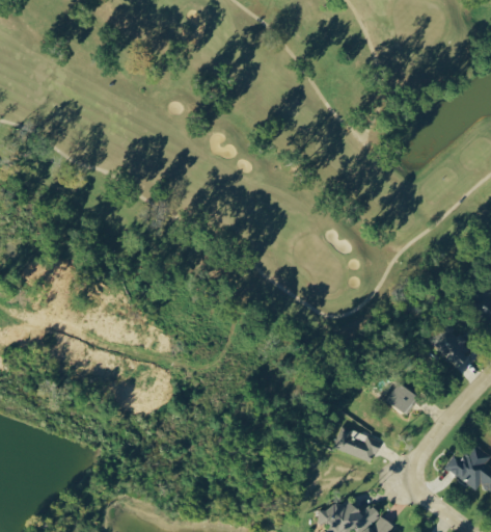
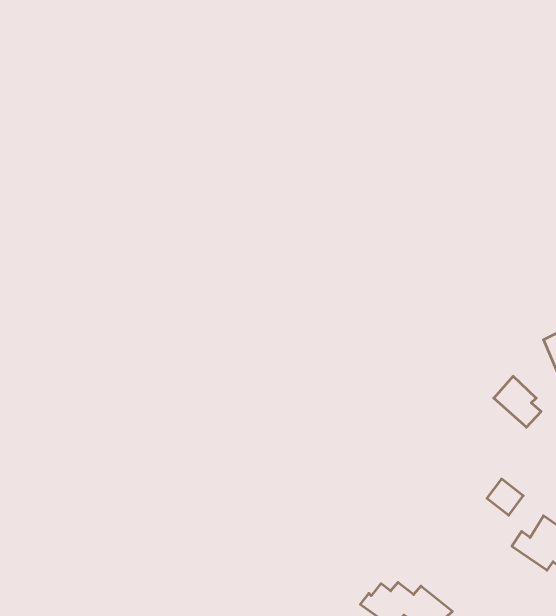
building: [388,382,419,414] -> [487,479,523,515]
building: [334,426,381,462] -> none

